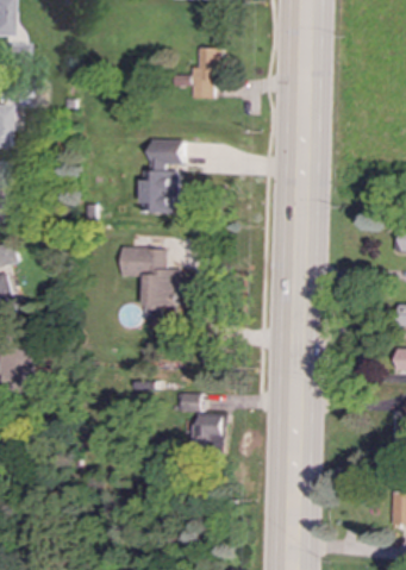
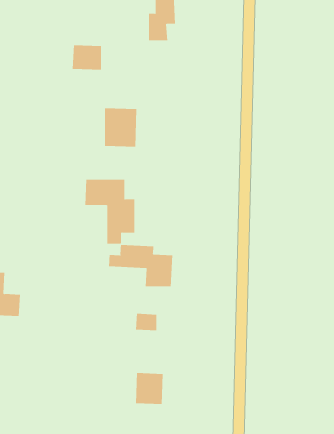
building: [154,138,186,165] -> [72,45,102,70]
building: none -> [109,244,173,287]
building: [198,412,229,446] -> [135,373,164,405]

